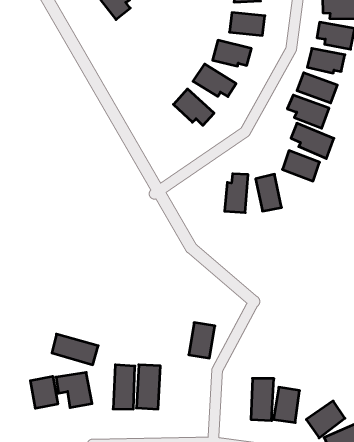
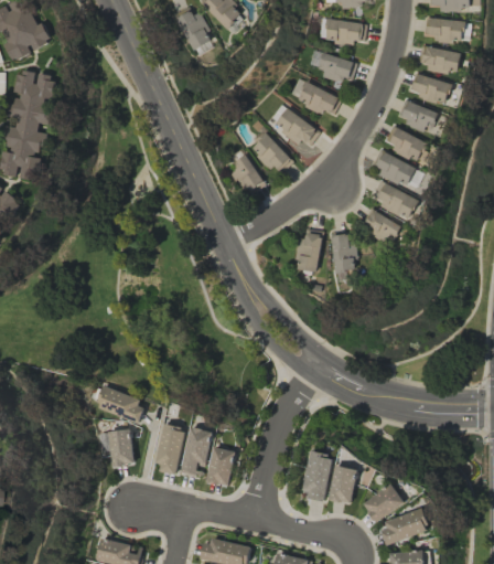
building: none -> [230,153,264,195]
building: [189,323,215,358] -> [205,446,236,486]
building: [30,376,58,408] -> none

